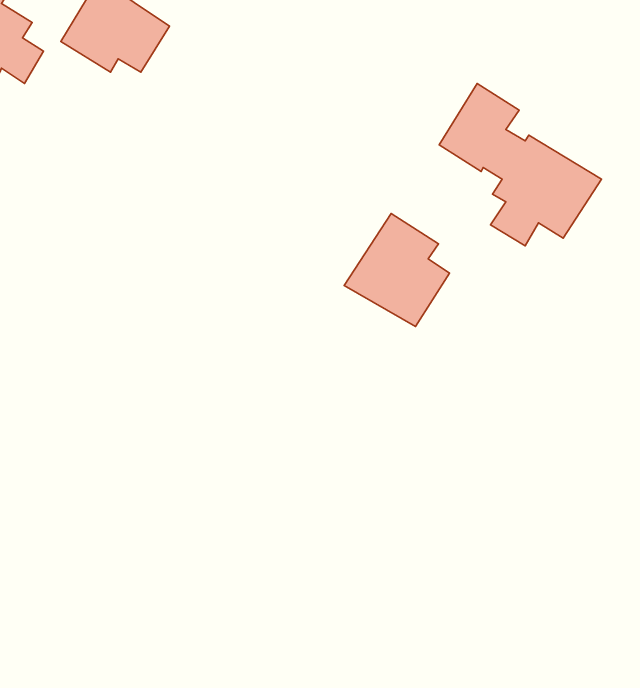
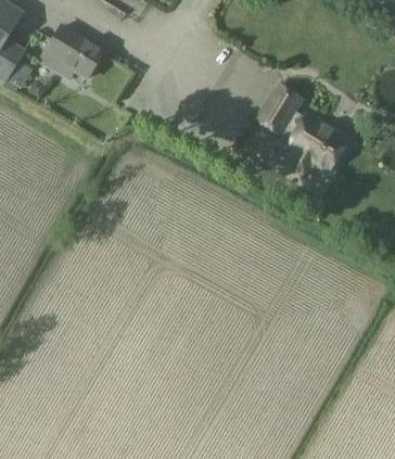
building: [344,213,449,326] -> none

